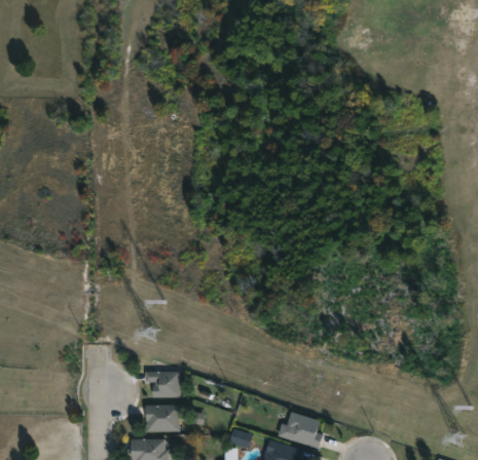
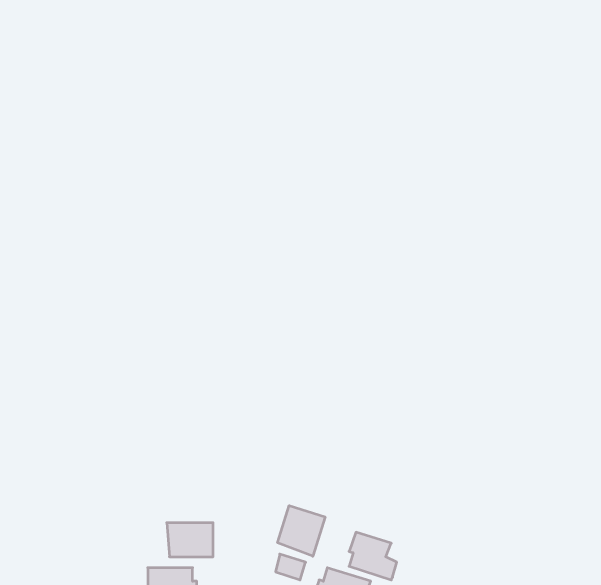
building: [148,372,182,397] -> none
building: none -> [278,506,325,556]

